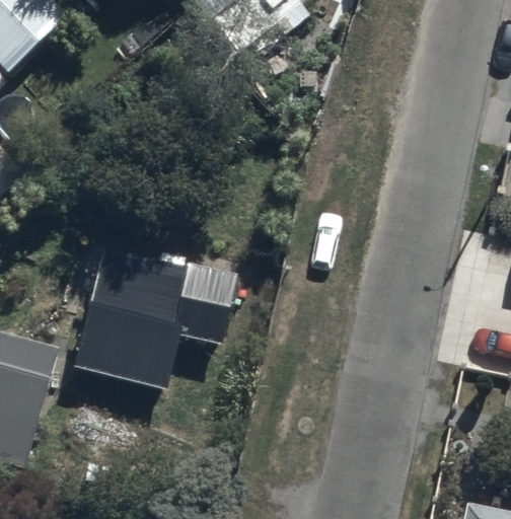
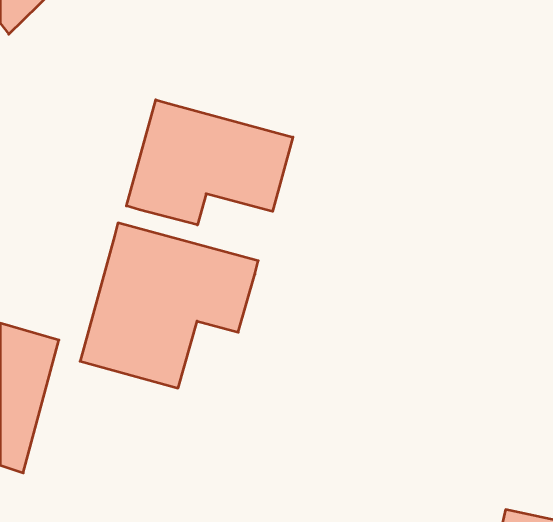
building: none -> [126,100,293,225]

